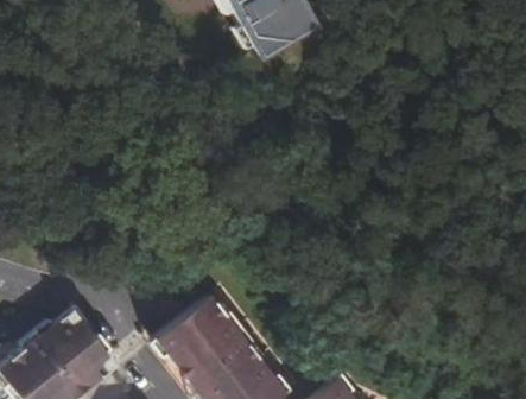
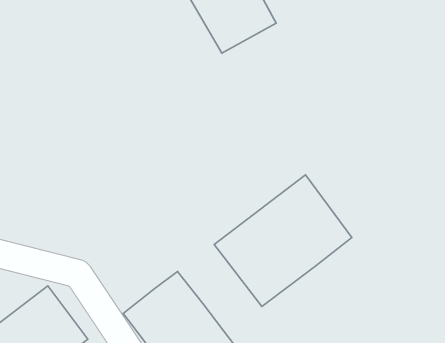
building: none -> [214,175,352,306]

